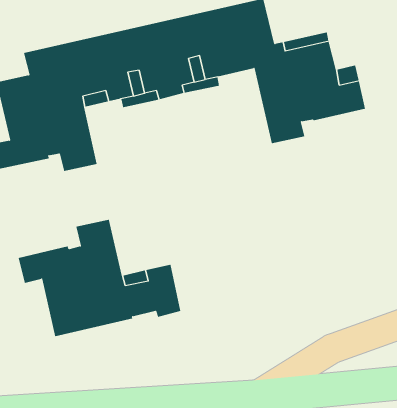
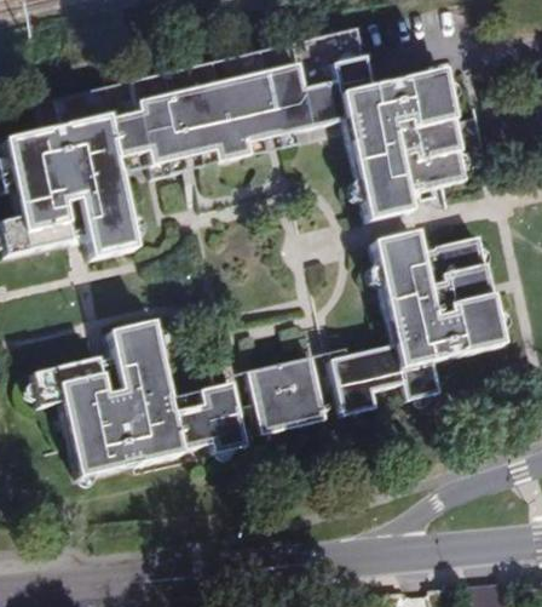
building: none -> [331,233,502,413]
building: none -> [249,357,328,435]

